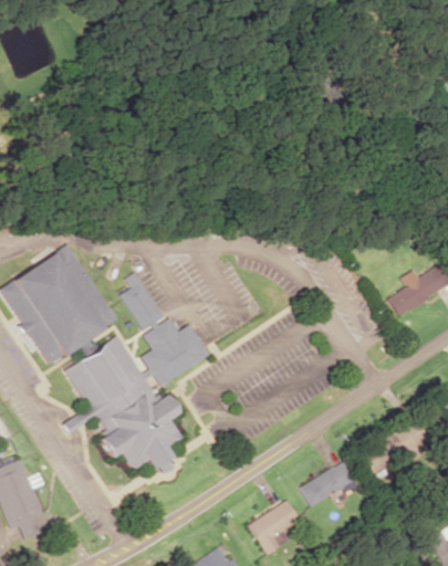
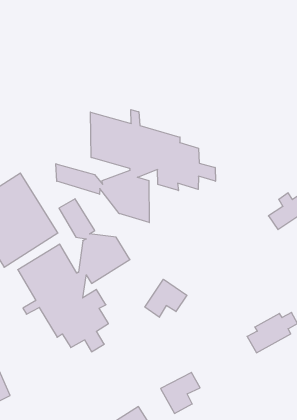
building: none -> [56,110,215,223]
building: none -> [145,279,187,317]
building: [301,461,357,505] -> none

